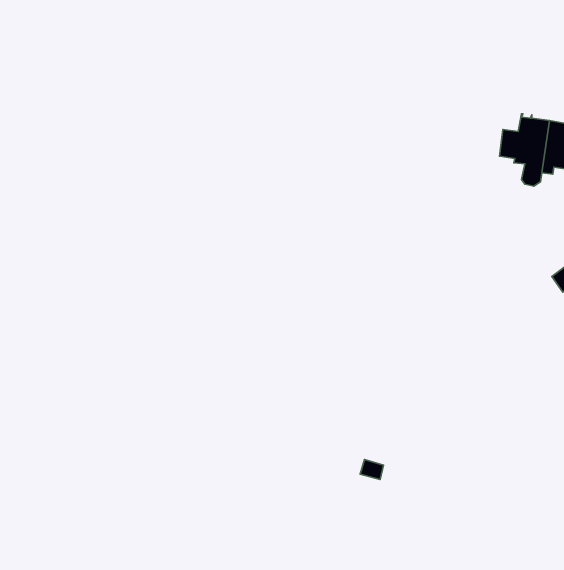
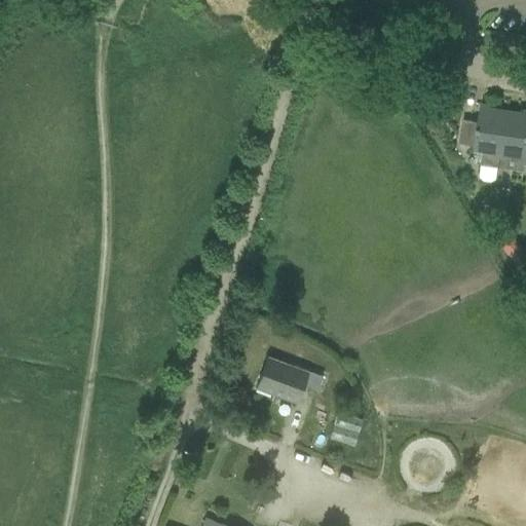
building: none -> [260,359,311,404]

